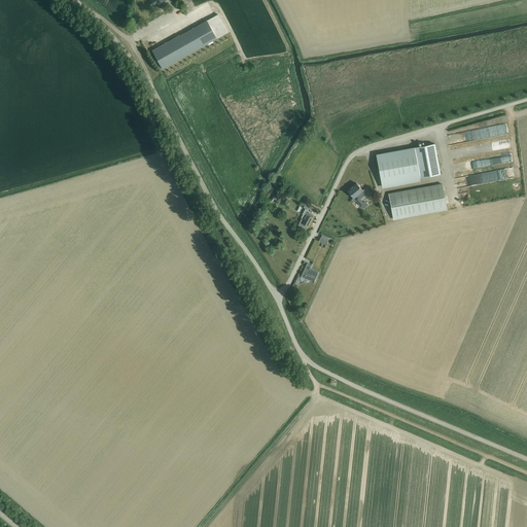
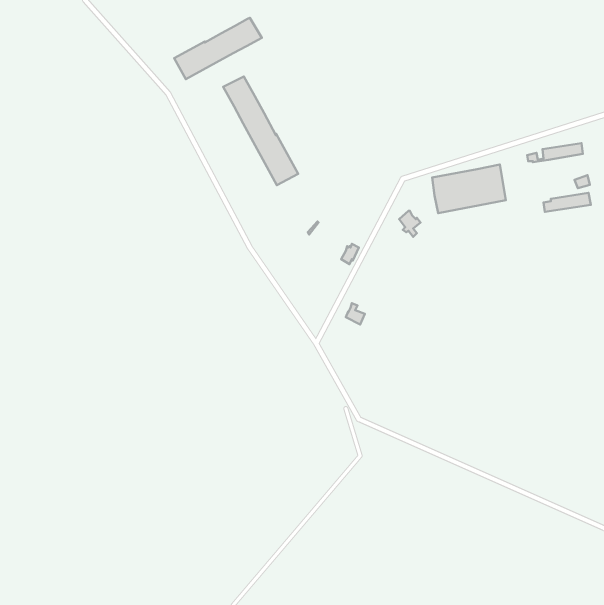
building: none -> [223,76,298,185]
building: [388,184,446,218] -> none

